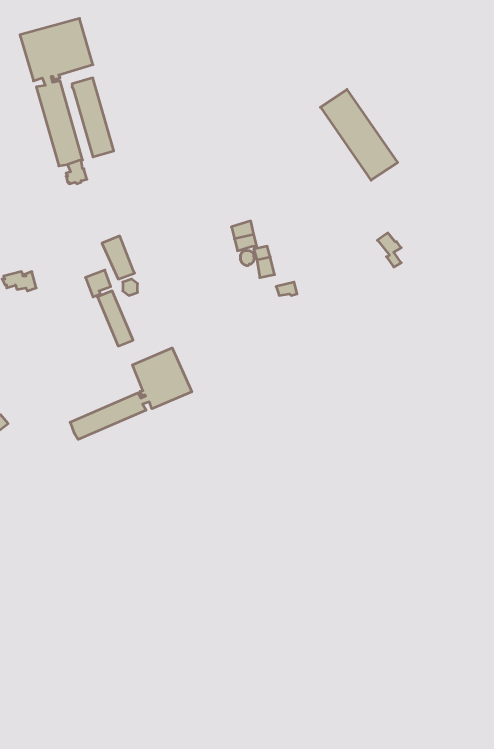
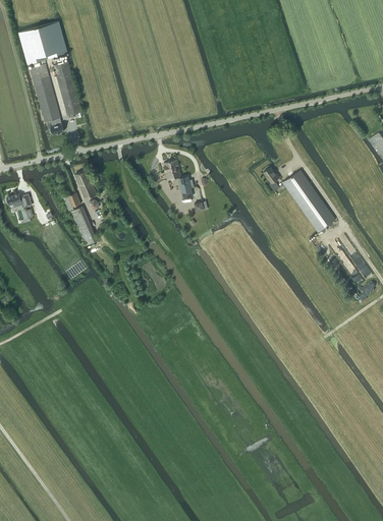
building: [320,89,398,180] -> [282,170,335,232]
building: [70,348,192,439] -> none

